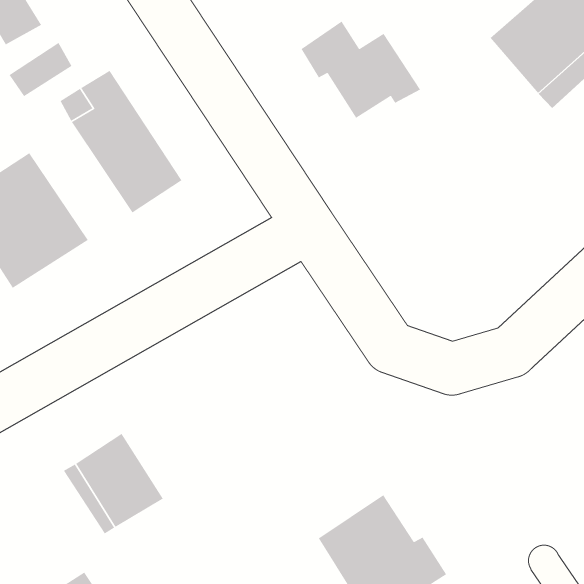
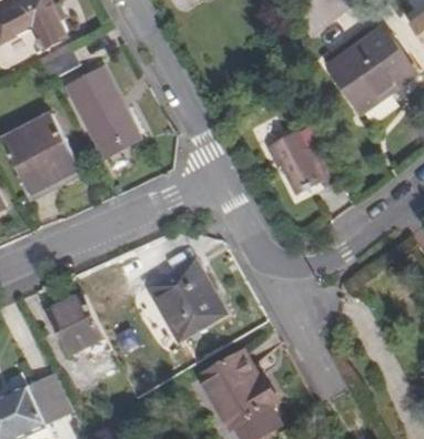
building: [300,20,421,119] -> [266,134,336,194]
building: none -> [127,251,225,328]

